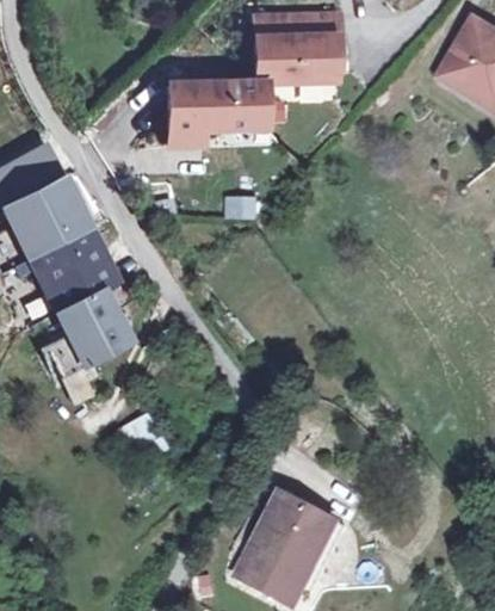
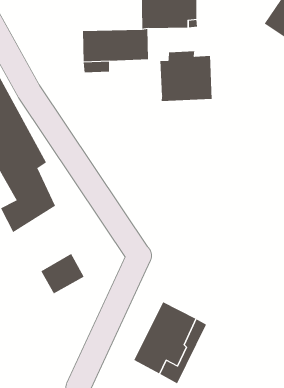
building: none -> [160,50,212,102]

